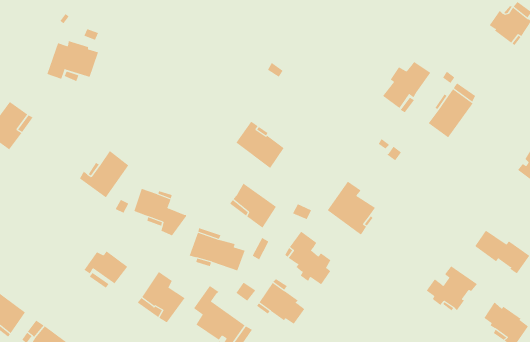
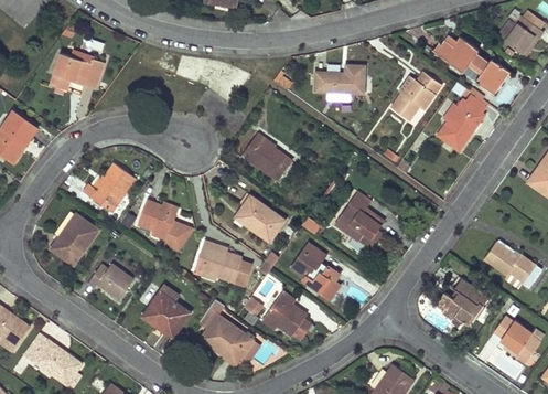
building: none -> [433,36,509,94]
building: none -> [315,65,365,100]
building: none -> [52,214,98,265]

